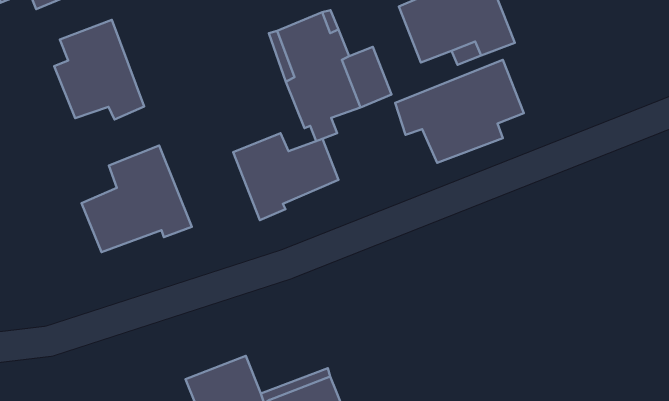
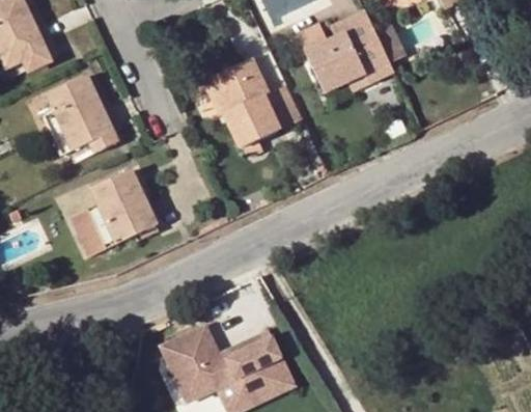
building: [395,60,524,163] -> none
building: [233,133,338,220] -> none

